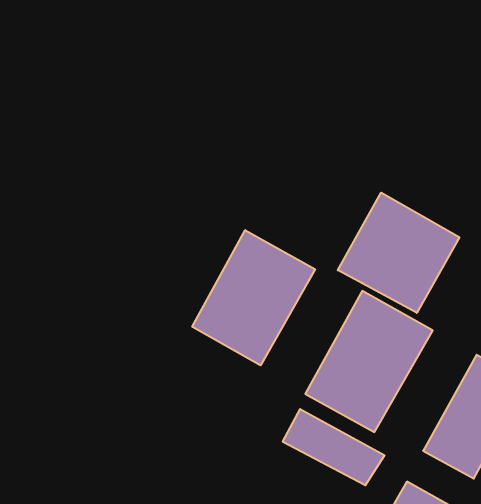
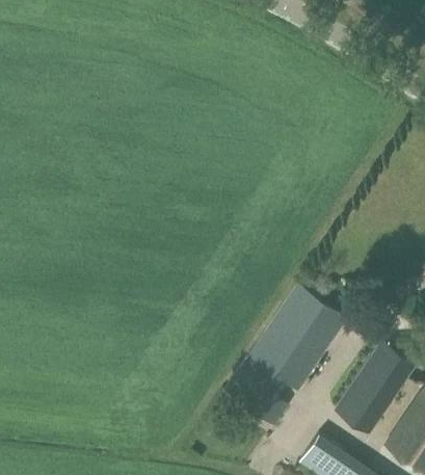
building: [338,193,459,313] -> none
building: [192,230,315,365] -> none

